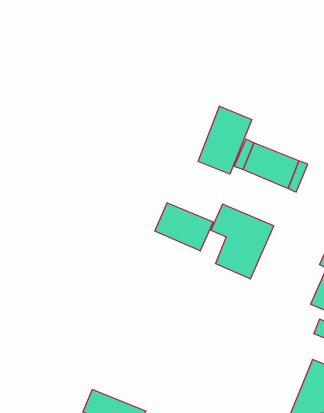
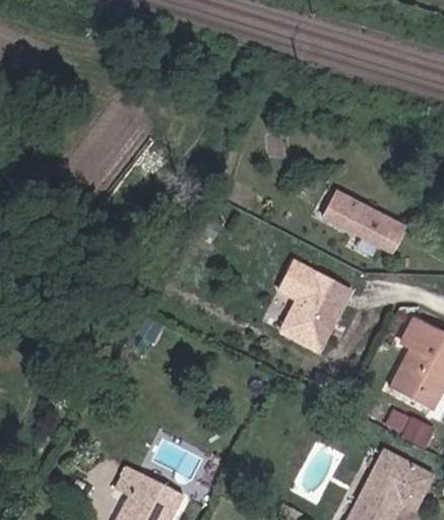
building: [198,106,252,174] -> none
building: [155,203,213,251] -> none

